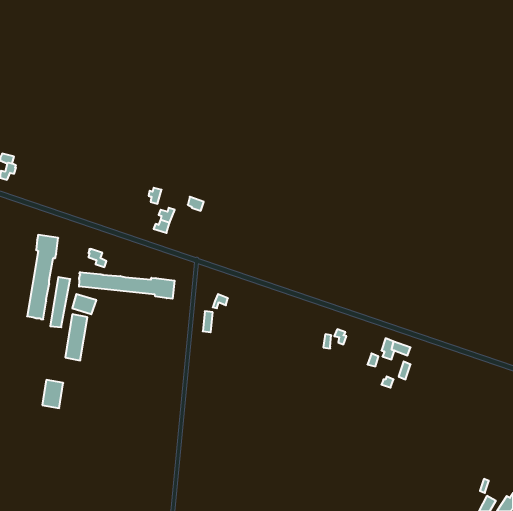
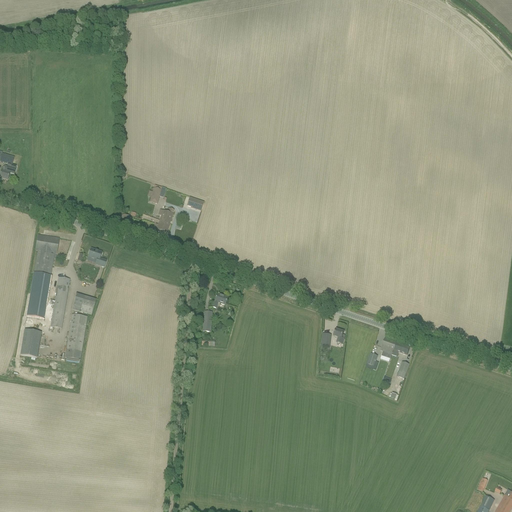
building: [79,272,175,299] -> none
building: [42,380,63,408] -> [20,329,41,357]

